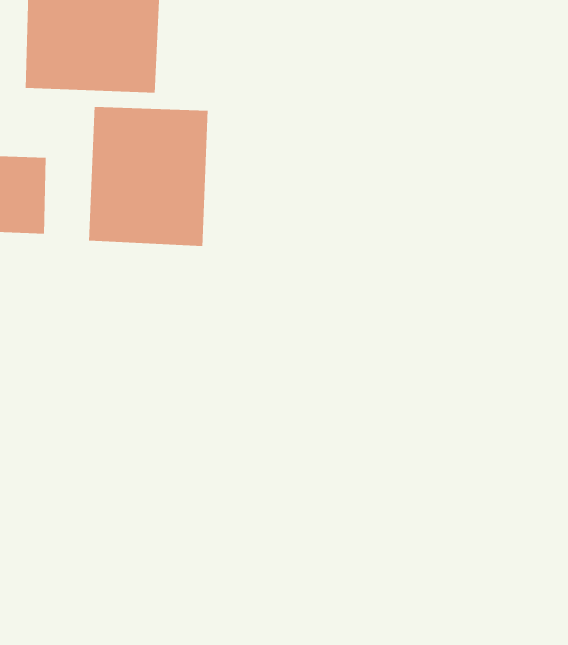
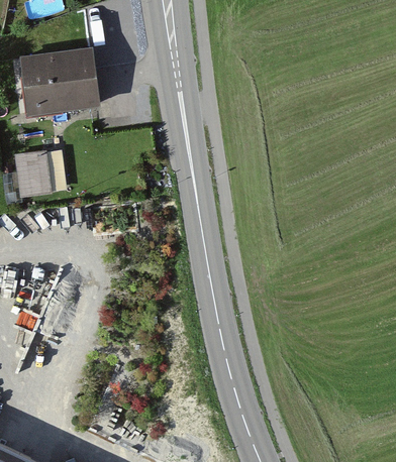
building: [89,106,208,247] -> none

